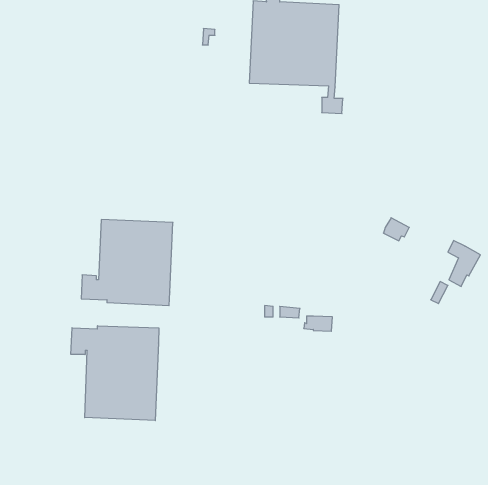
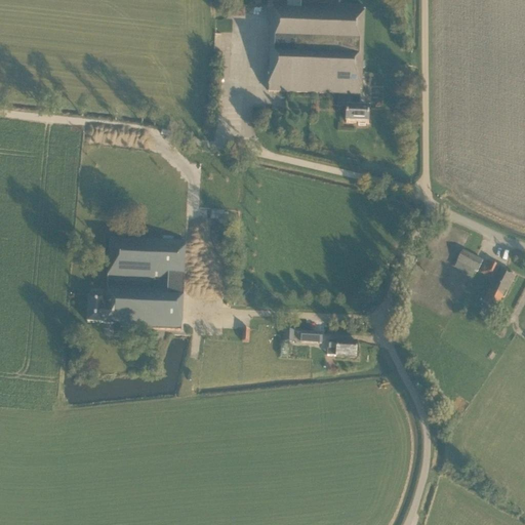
building: [383,218,409,241] -> [454,249,482,274]
building: [71,326,159,421] -> none

